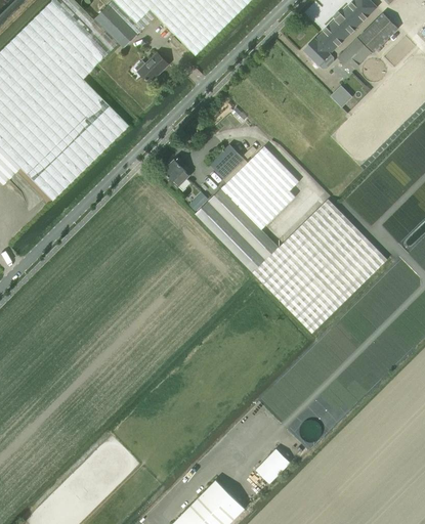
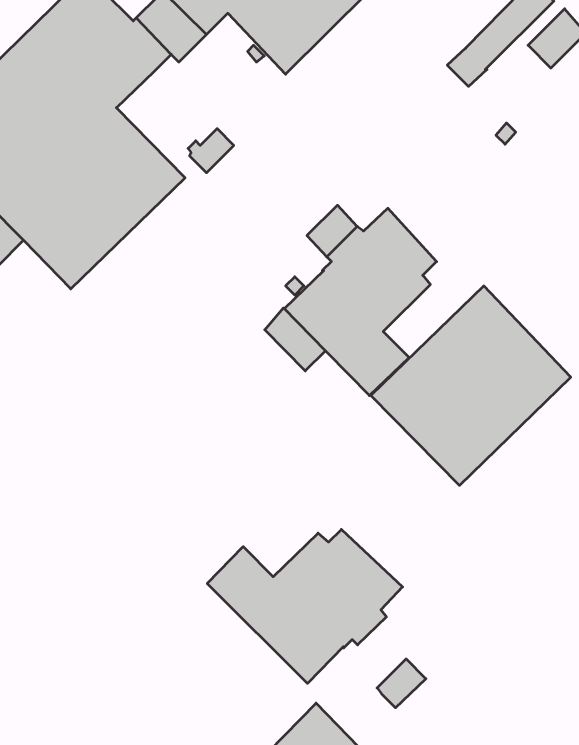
building: [337,37,372,74] -> none
building: [137,52,168,82] -> [188,129,234,173]
building: [163,159,190,186] -> none
building: none -> [265,308,326,371]
building: none -> [207,529,403,683]

